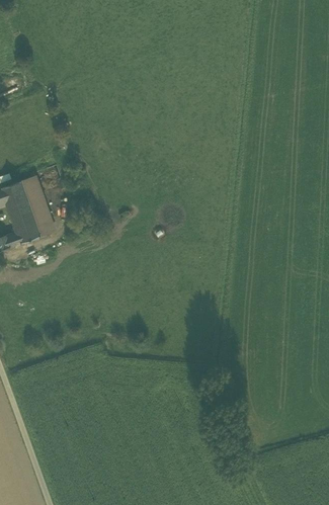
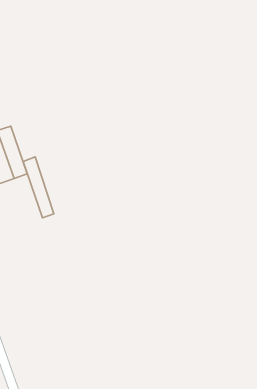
building: none -> [23,157,54,218]

